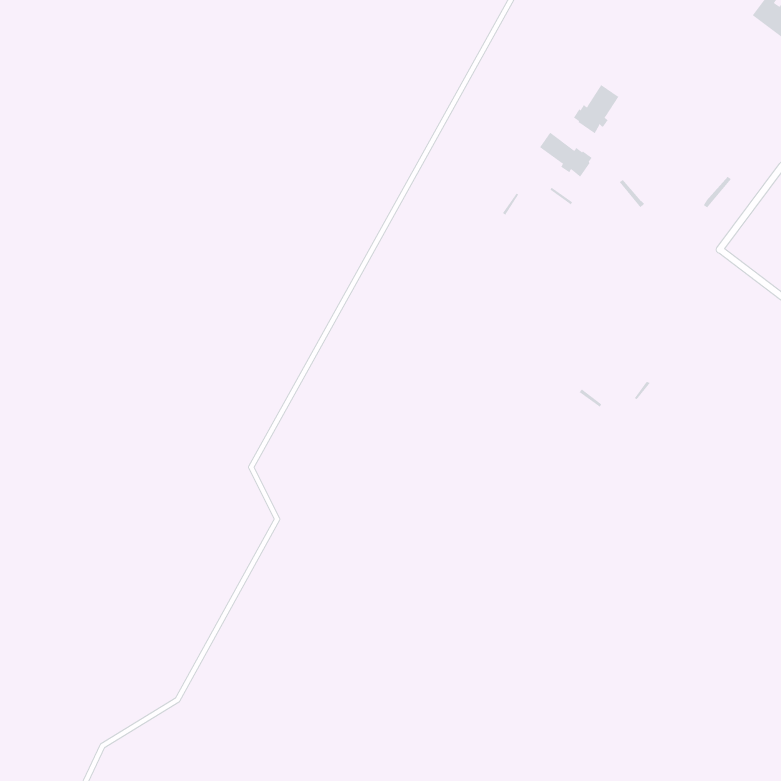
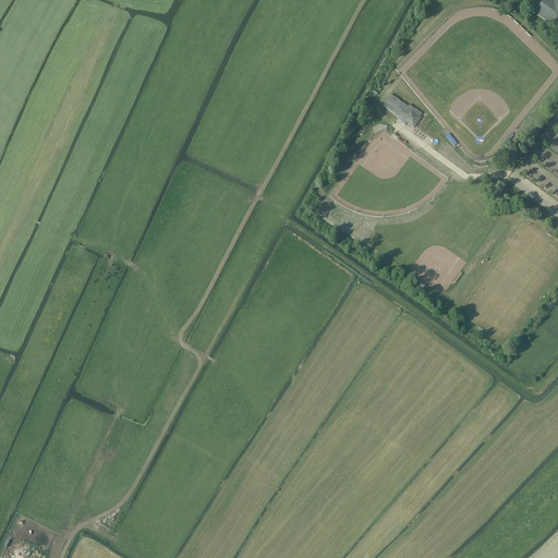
building: [573,84,619,134] -> none

